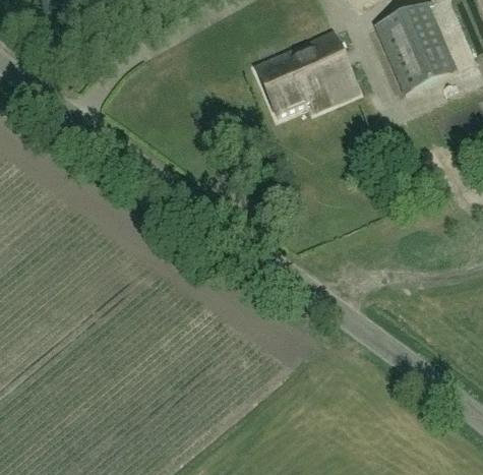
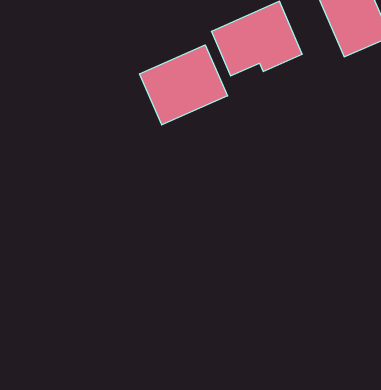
building: none -> [139,45,228,125]

